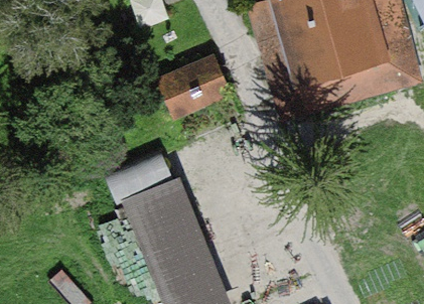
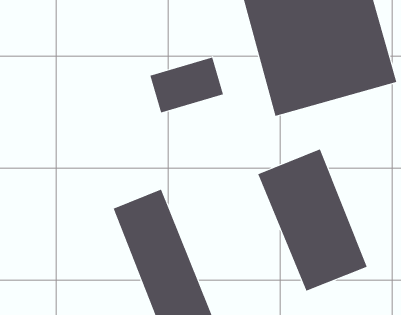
building: none -> [257,149,368,292]

